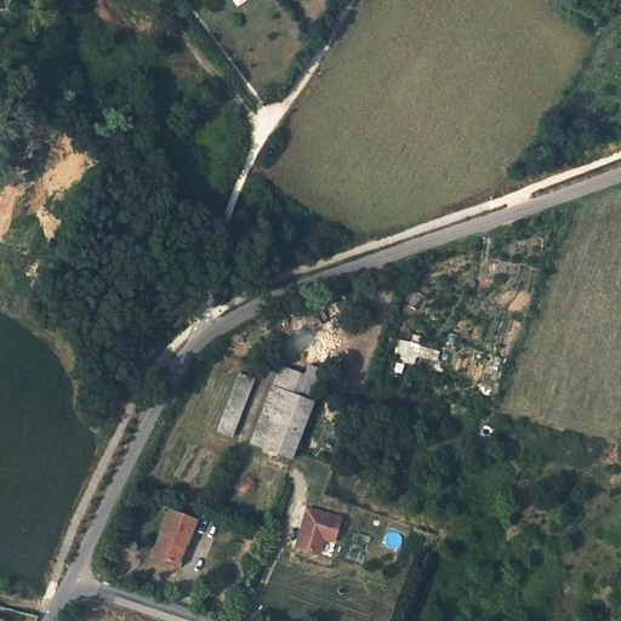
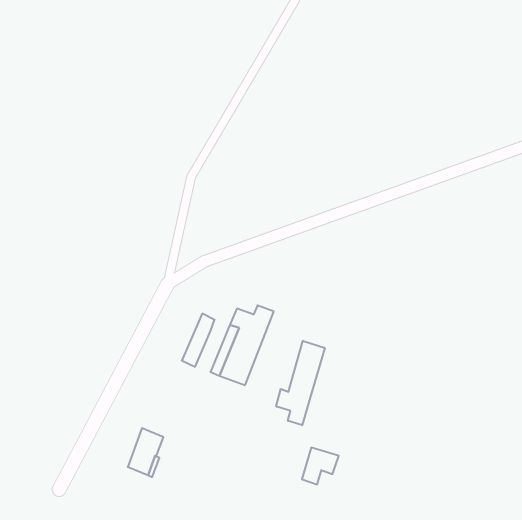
building: none -> [276,341,325,425]
building: [297,507,341,551] -> [302,448,339,484]

